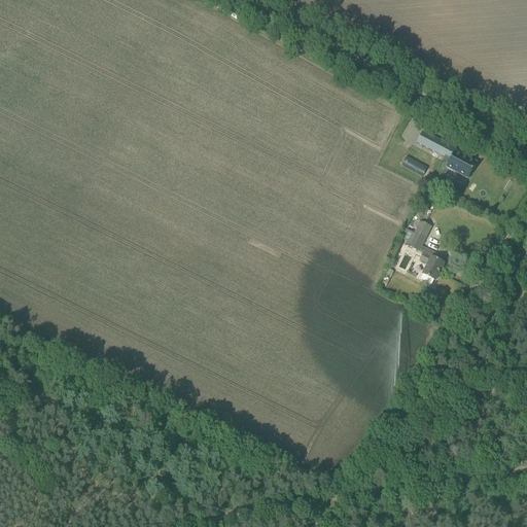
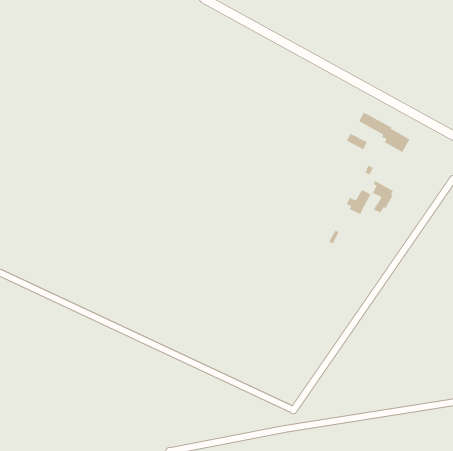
building: [418,245,444,284] -> [372,180,394,213]

